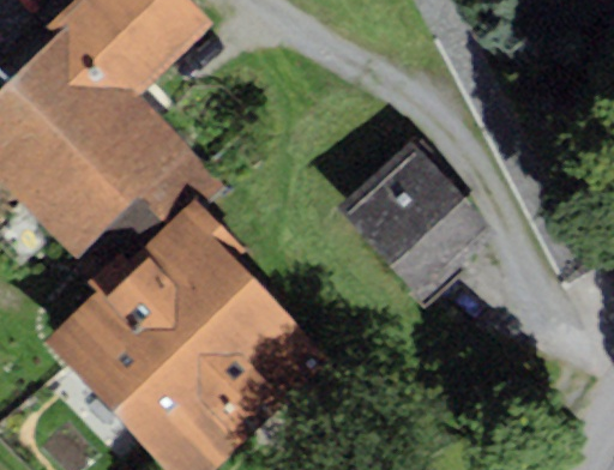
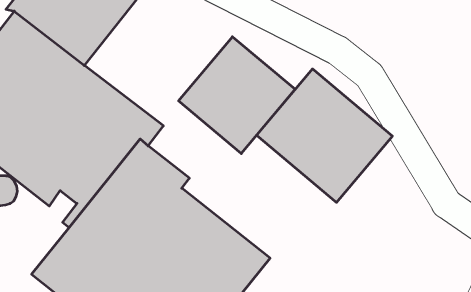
building: none -> [179,37,295,154]

